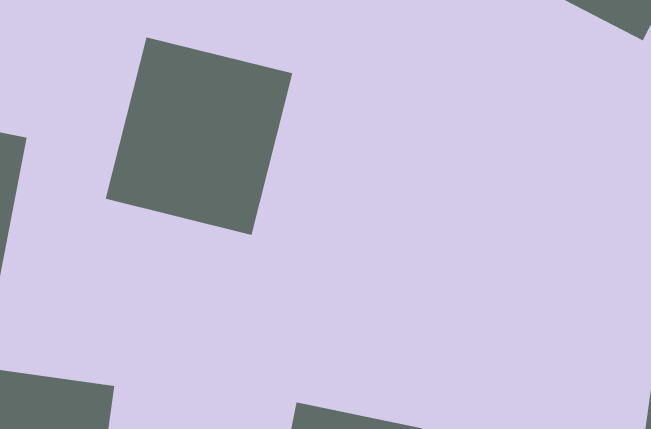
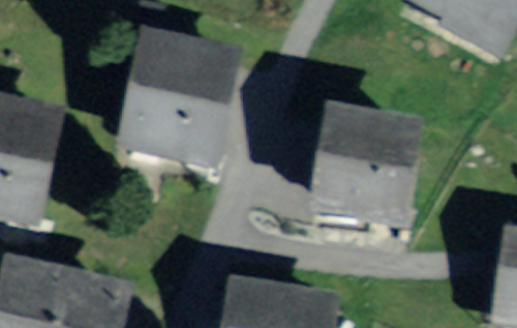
building: none -> [308,101,418,220]

